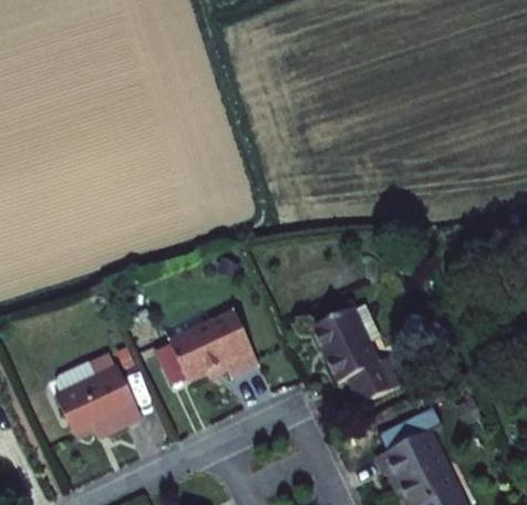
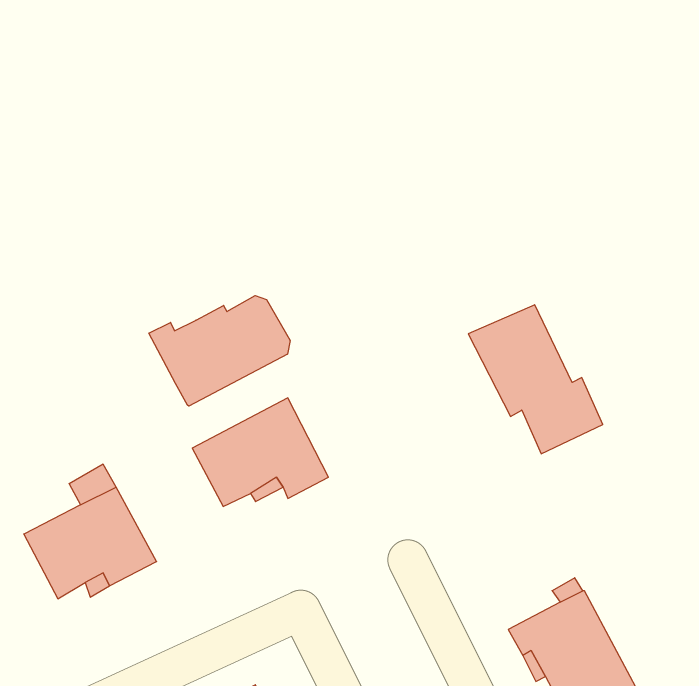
building: none -> [149,296,290,406]
building: [309,305,401,406] -> [468,305,603,454]

